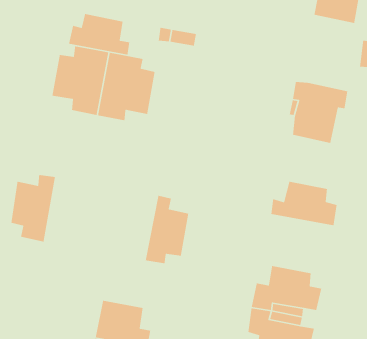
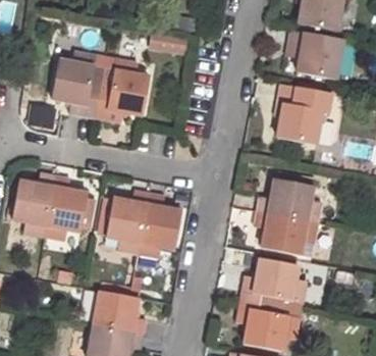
building: [68,13,130,55] -> none
building: none -> [288,30,343,80]
building: none -> [45,174,87,241]
building: none -> [106,189,152,254]
building: none -> [254,210,318,253]

